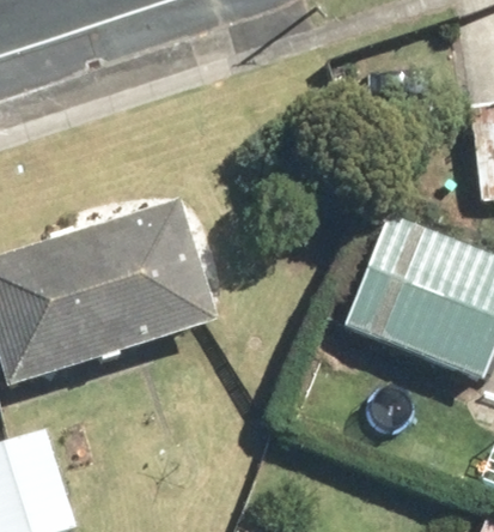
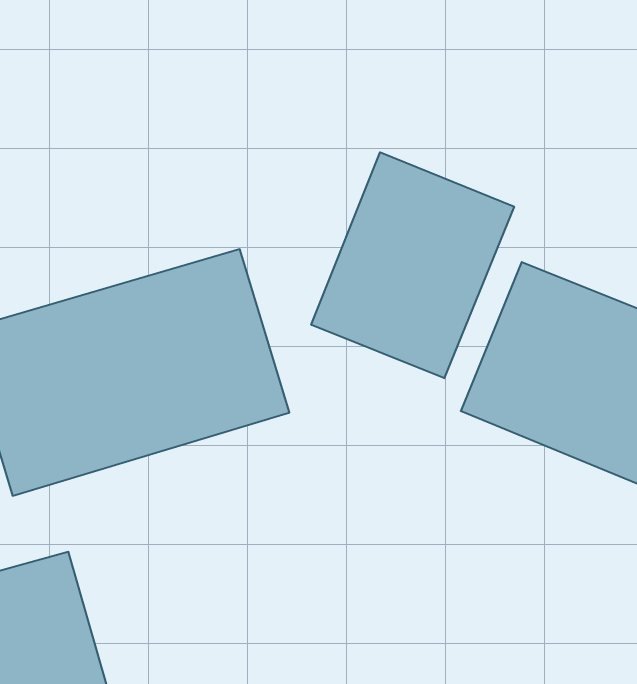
building: none -> [311,152,514,378]

